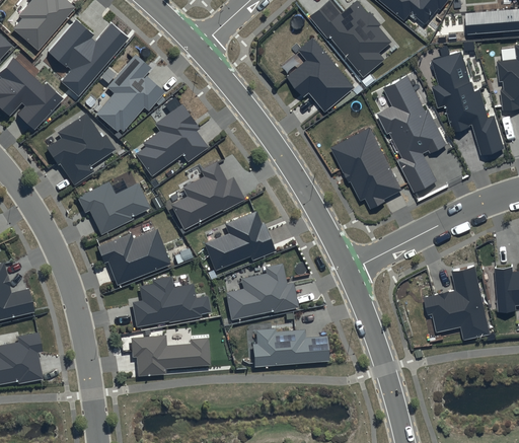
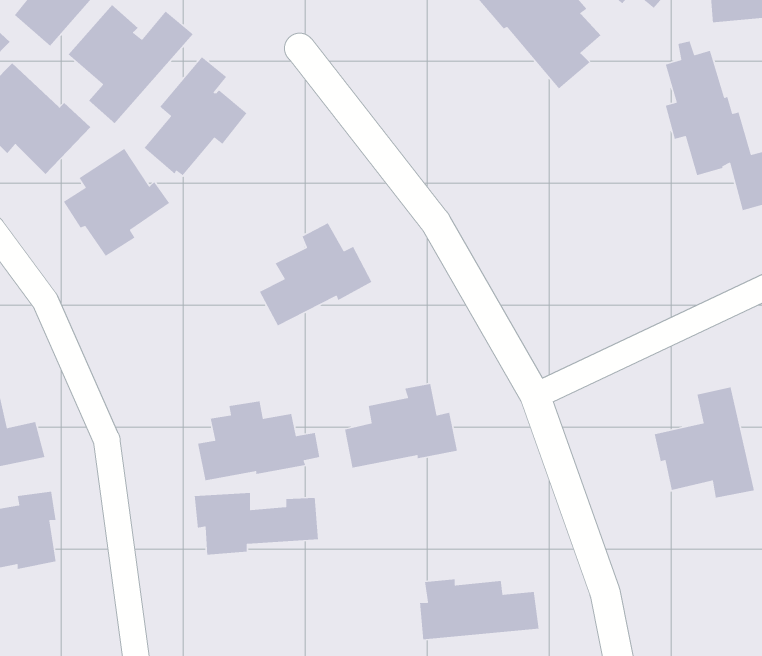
building: [288,38,355,112] -> none
building: [377,76,447,193] -> none
building: [135,103,207,176] -> none
building: [331,128,401,209] -> none
building: [76,181,150,235] -> none
building: [203,211,275,271] -> none
building: [96,229,170,285] -> none
building: [251,328,328,368] -> [419,578,539,640]

